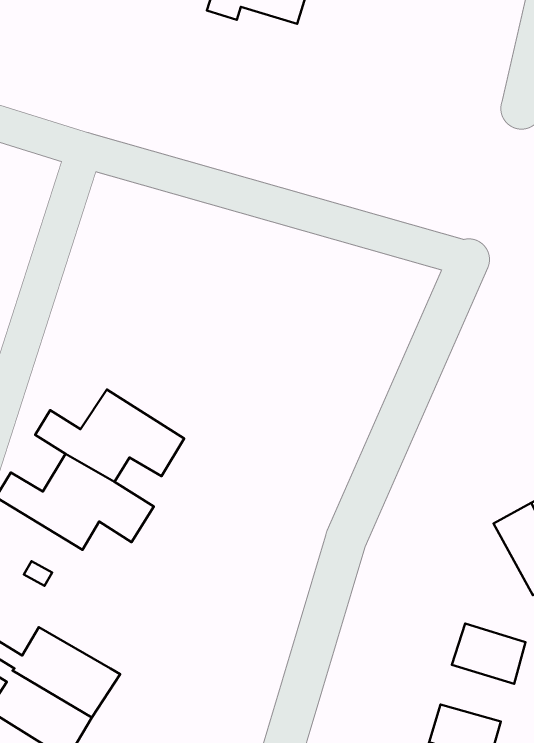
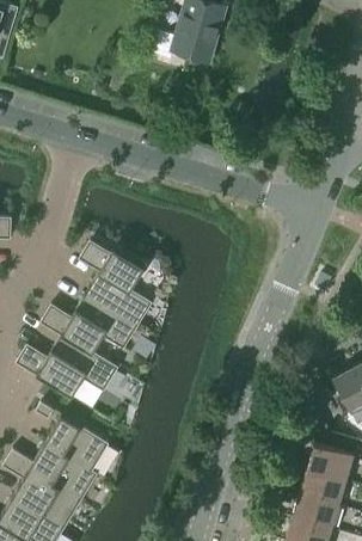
building: none -> [79,242,149,325]
building: none -> [44,417,106,471]
building: none -> [299,468,345,504]

